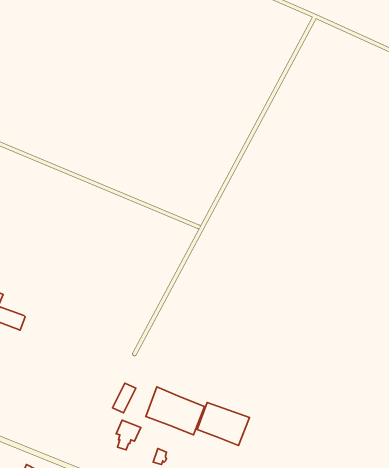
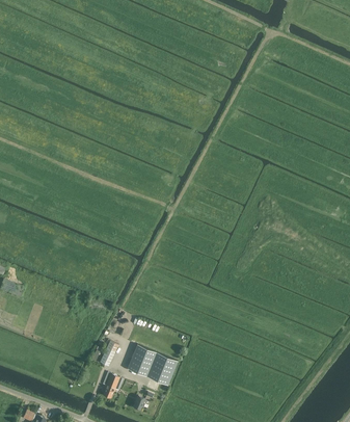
building: [197,402,249,445] -> none

